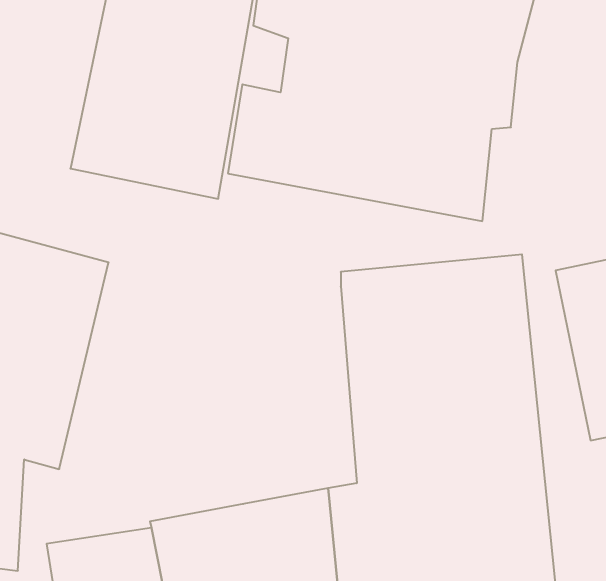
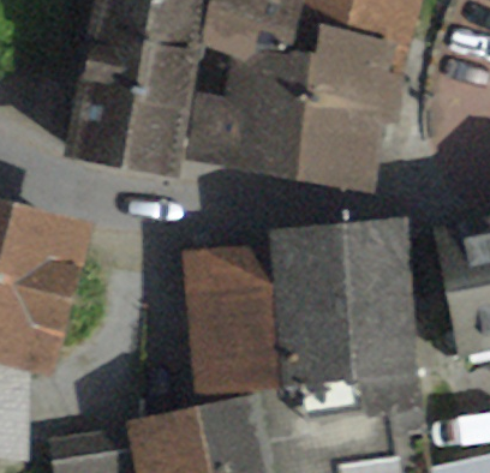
building: none -> [179,243,281,407]

